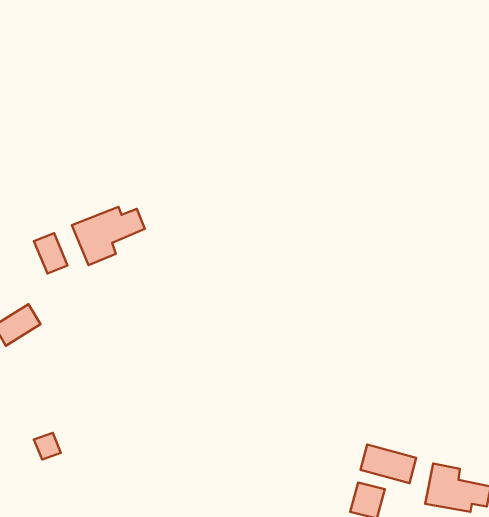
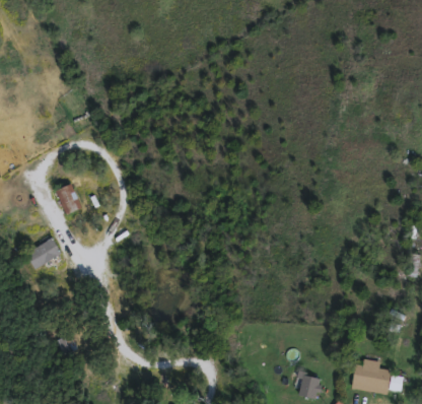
building: [72,207,145,265] -> none
building: [361,444,416,483] -> none

